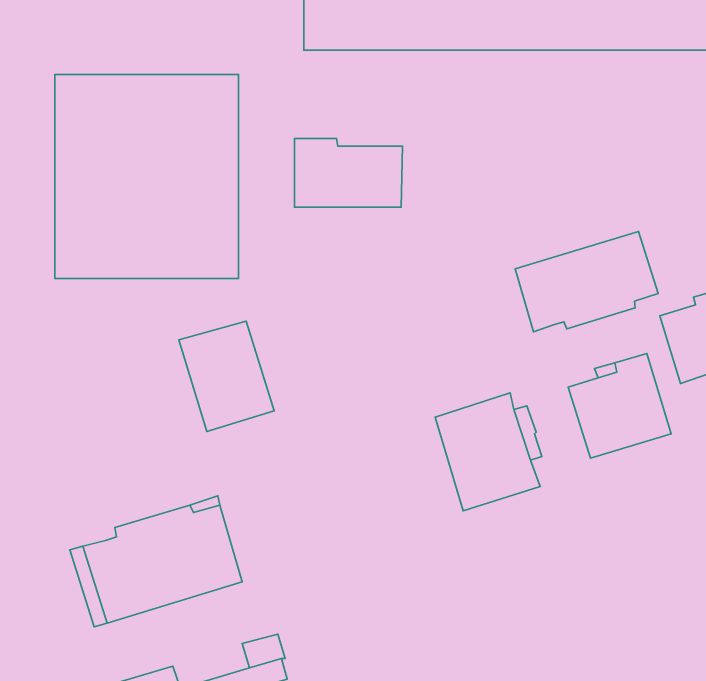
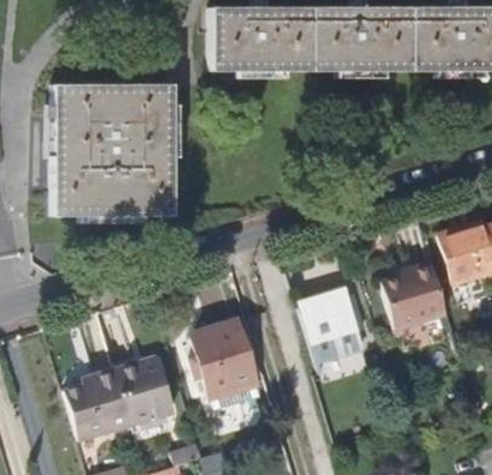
building: [295,138,402,207] -> none
building: [515,232,658,332] -> none
building: [179,321,274,431] -> [191,320,252,391]

